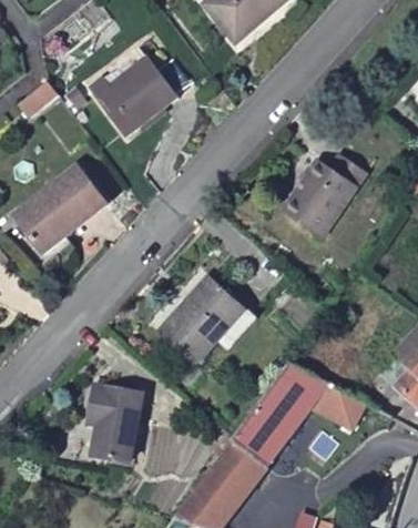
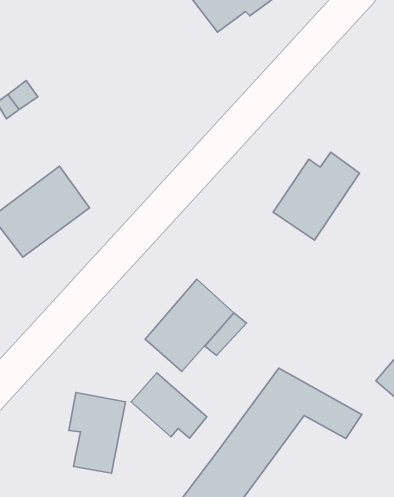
building: [86,59,176,139] -> none
building: none -> [131,373,207,438]

